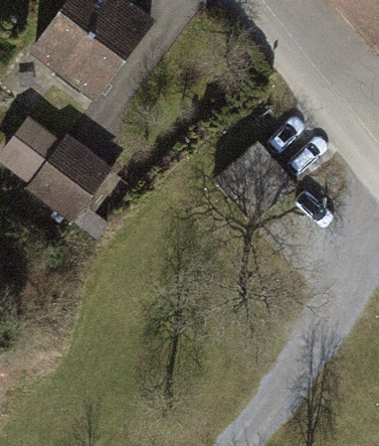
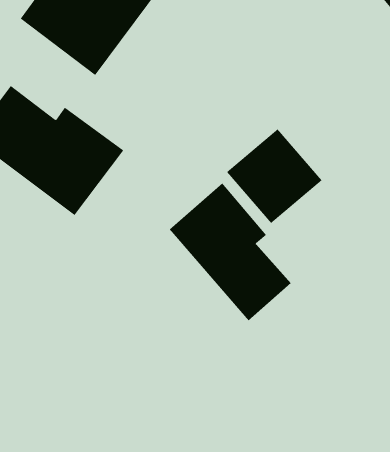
building: none -> [169,183,291,321]

